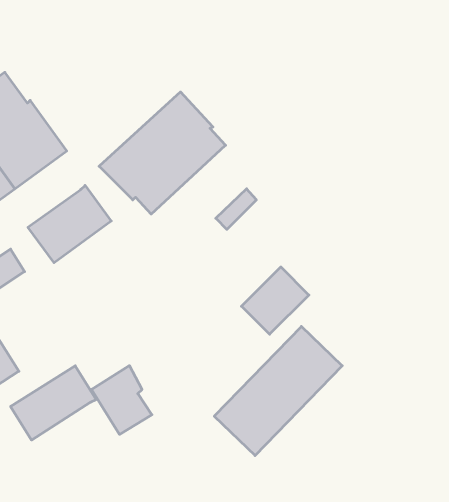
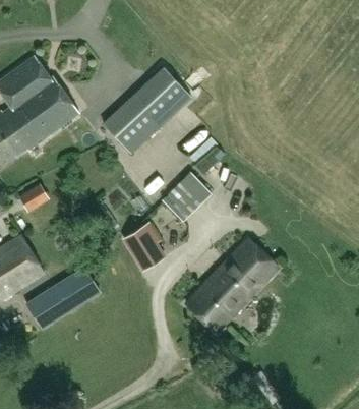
building: [28,185,111,263] -> none
building: [241,267,309,334] -> [163,171,212,220]
building: [91,366,152,434] -> [123,221,167,271]

